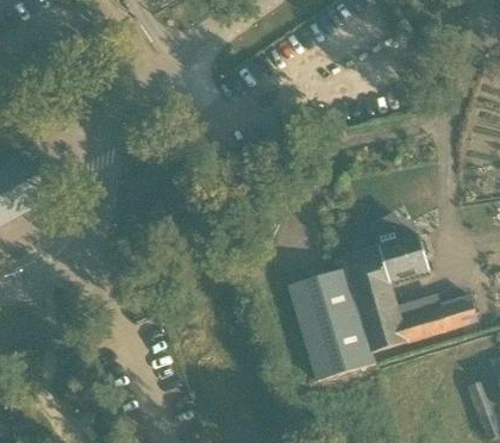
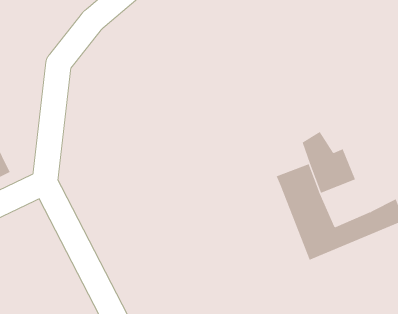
building: [288,267,369,369] -> none

